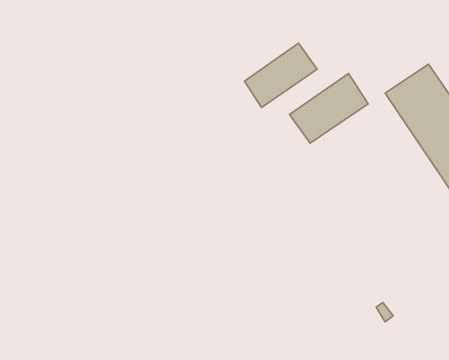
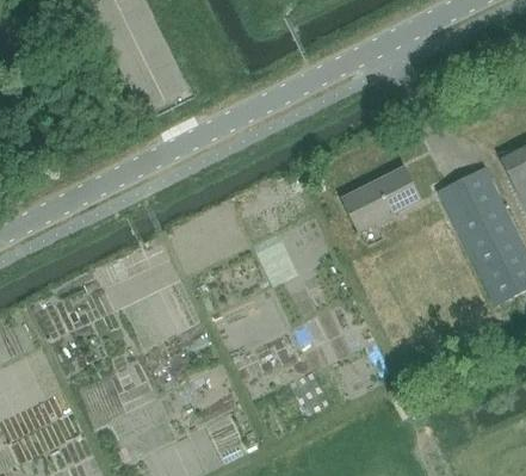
building: [244,43,317,108] -> none

